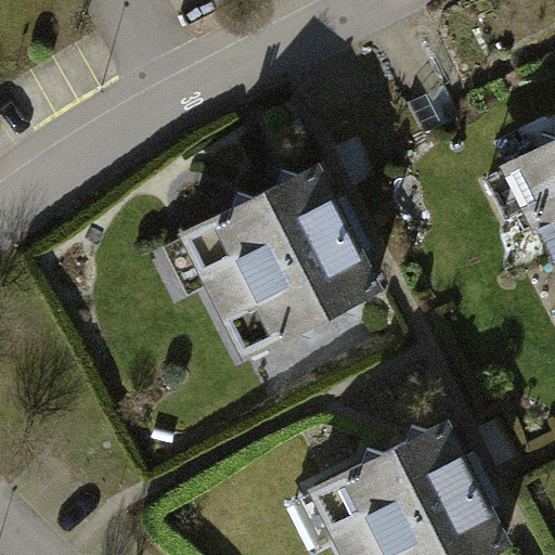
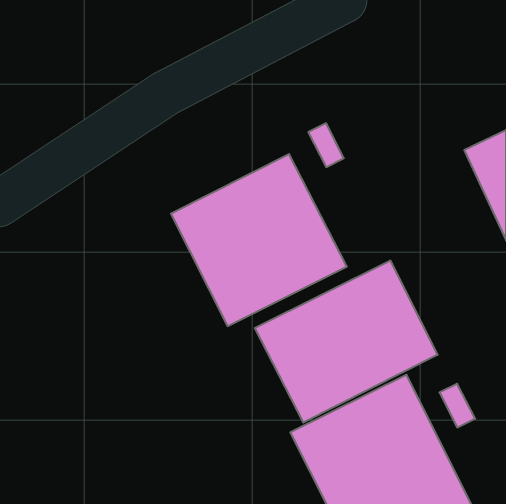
building: none -> [255,260,438,423]

